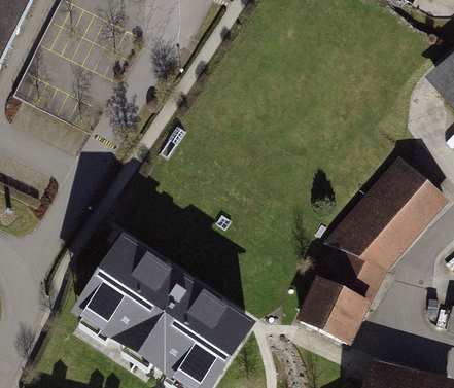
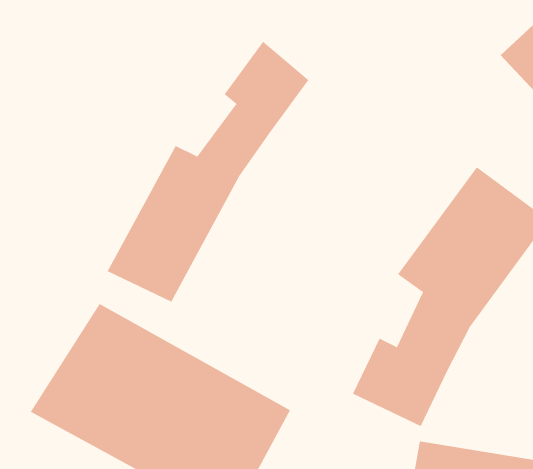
building: none -> [107,41,309,302]

